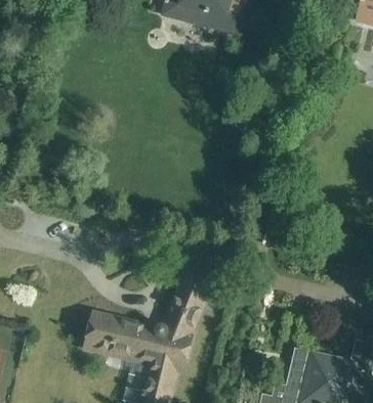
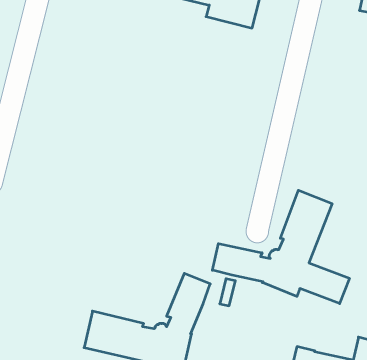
building: none -> [212,190,349,304]

